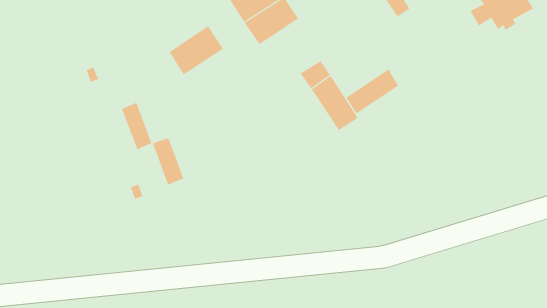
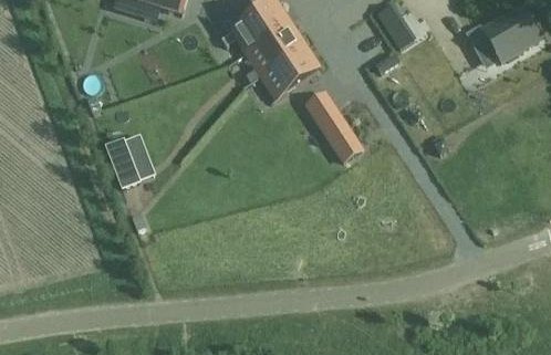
building: [169,26,224,75] -> [261,46,316,96]
building: [345,68,399,114] -> none
building: [152,138,184,185] -> [106,137,138,185]

